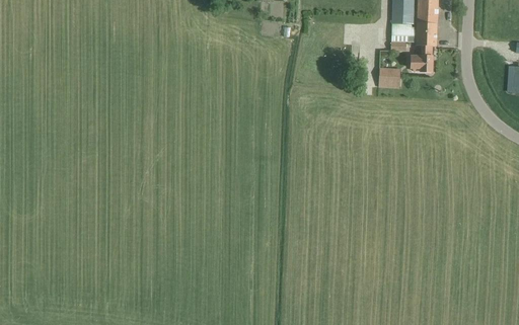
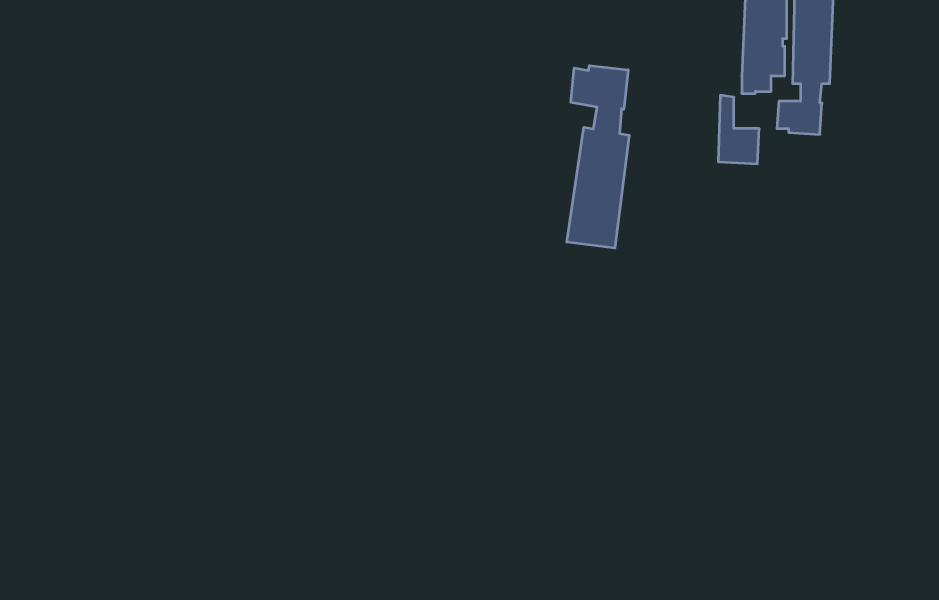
building: none -> [567,66,629,248]

